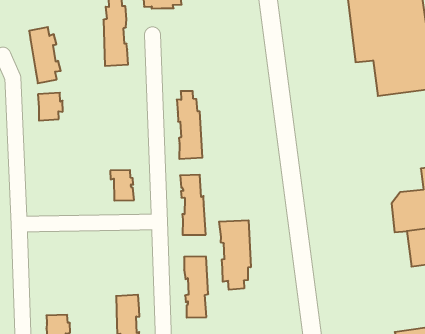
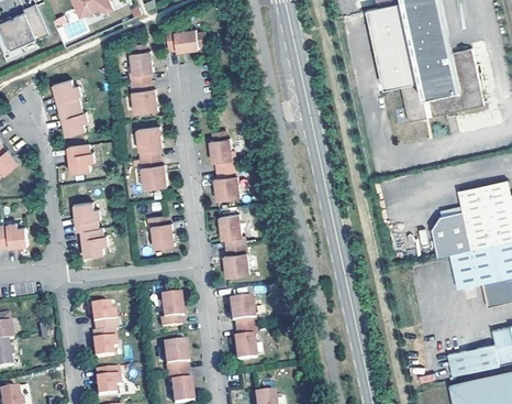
building: none -> [135,128,166,190]
building: none -> [75,204,109,258]
building: [219,220,251,290] -> none
building: none -> [160,295,182,328]
building: none -> [91,303,118,358]

